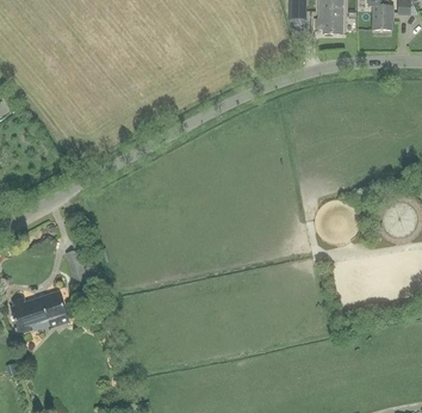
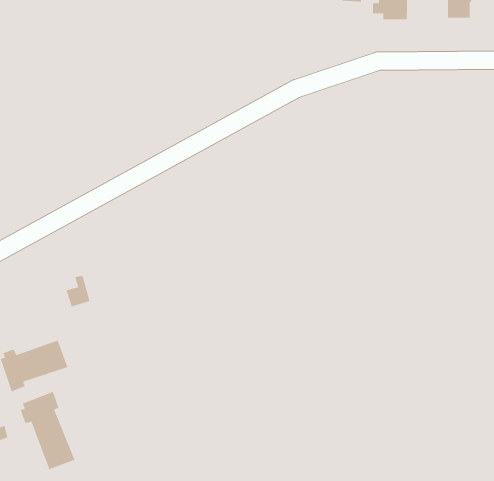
building: none -> [20,391,75,470]

